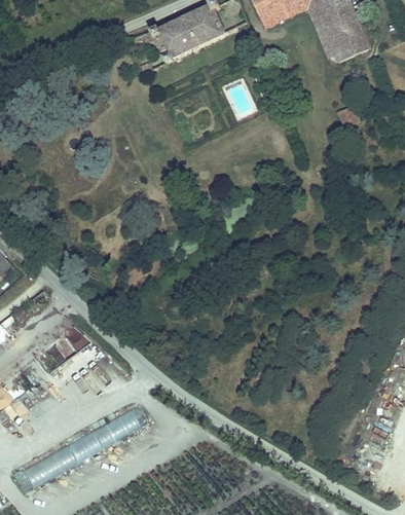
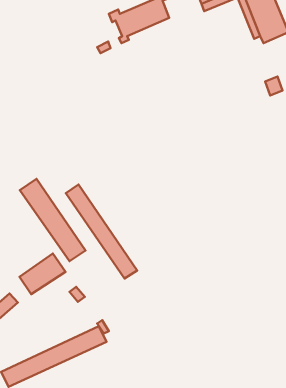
building: none -> [20,179,86,261]
building: none -> [66,185,137,278]

